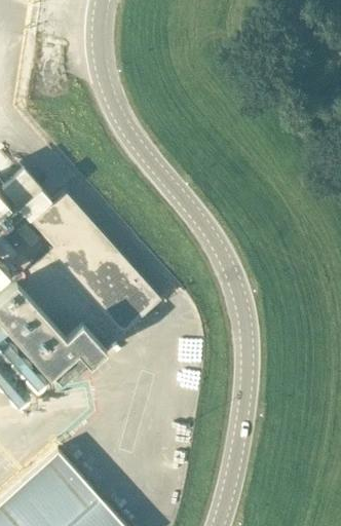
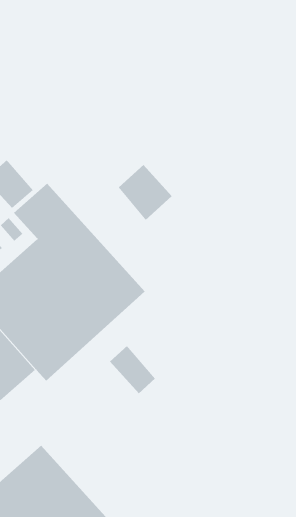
building: none -> [118,164,173,221]
building: none -> [109,345,156,394]

